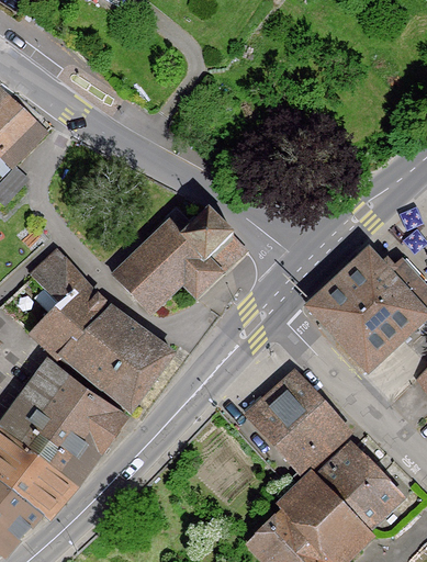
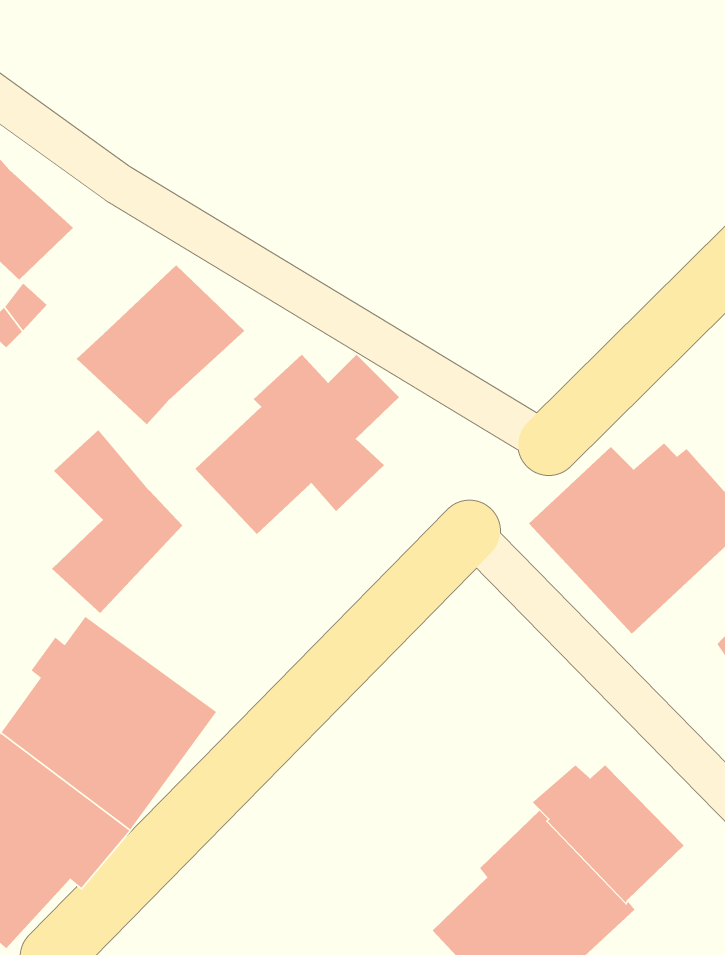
building: none -> [76,265,245,425]
building: [59,306,173,413] -> none
building: [250,374,349,473] -> none

